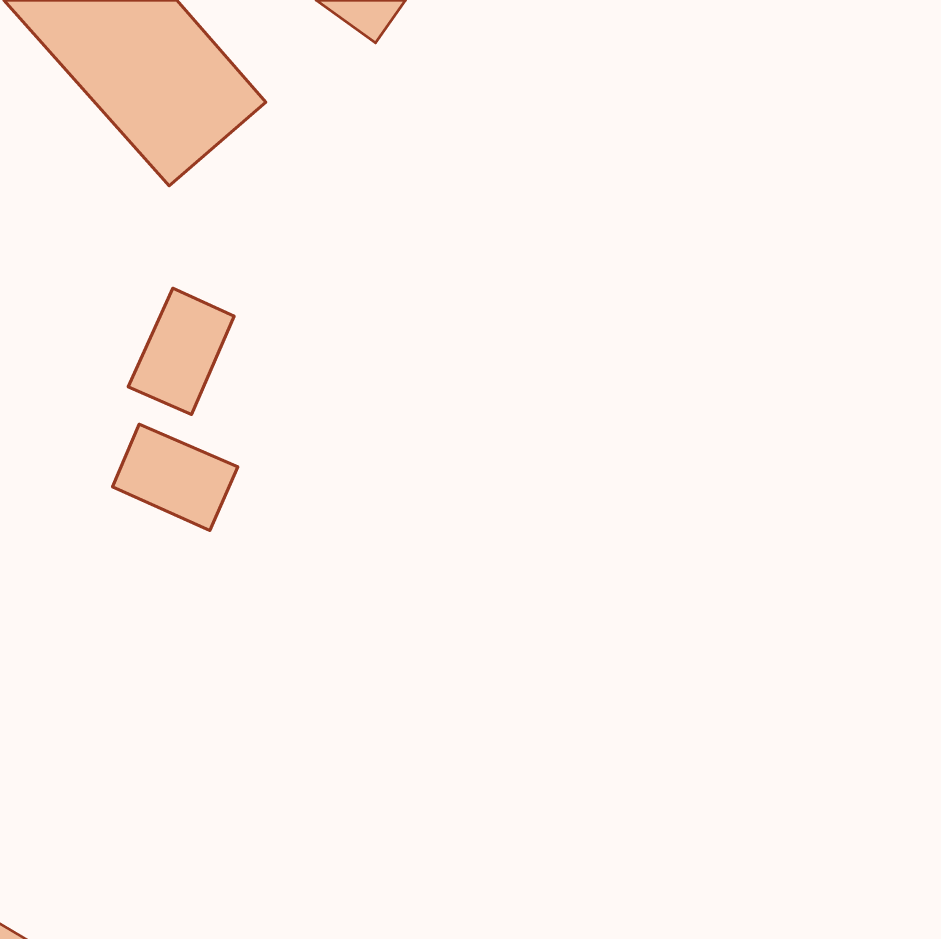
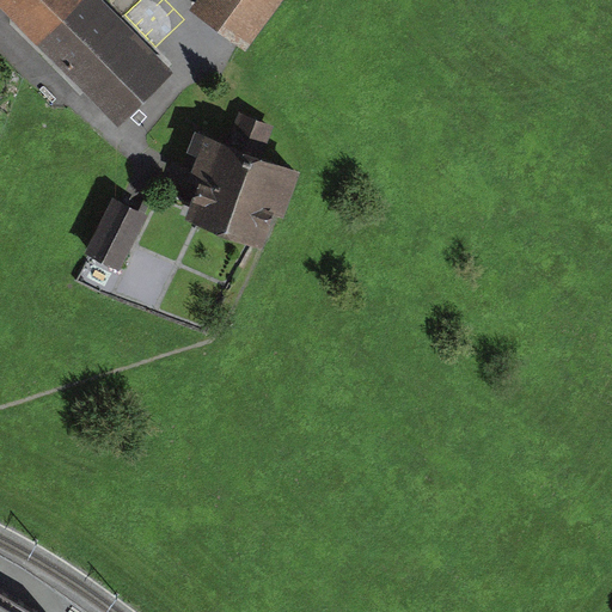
building: none -> [190,141,284,240]
building: [113,424,238,530] -> none

